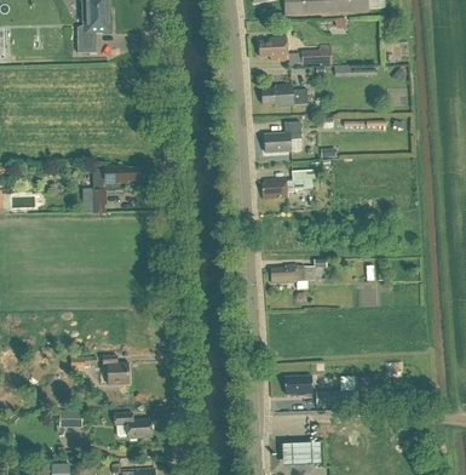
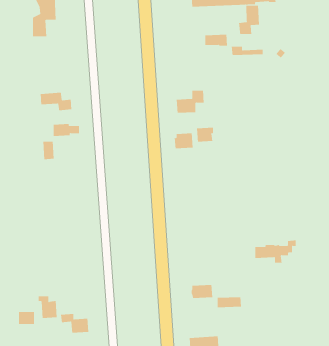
building: none -> [239,5,260,35]
building: [258,36,288,59] -> none
building: [261,84,307,105] -> none
building: none -> [40,92,72,111]
building: [271,258,326,288] -> [255,240,296,263]
building: [103,355,128,384] -> [38,296,58,318]

